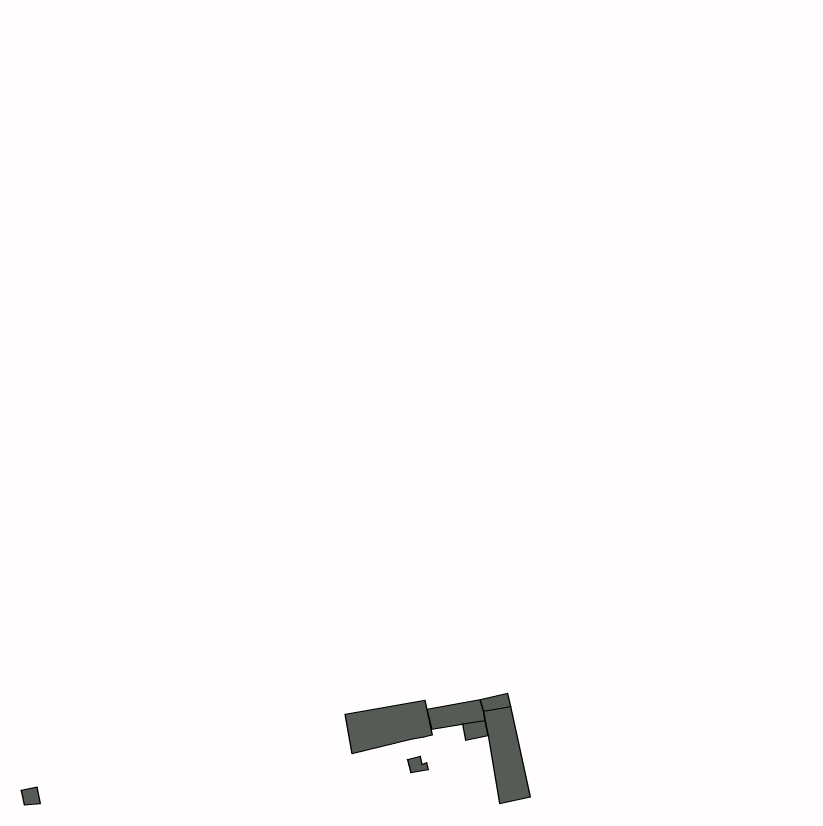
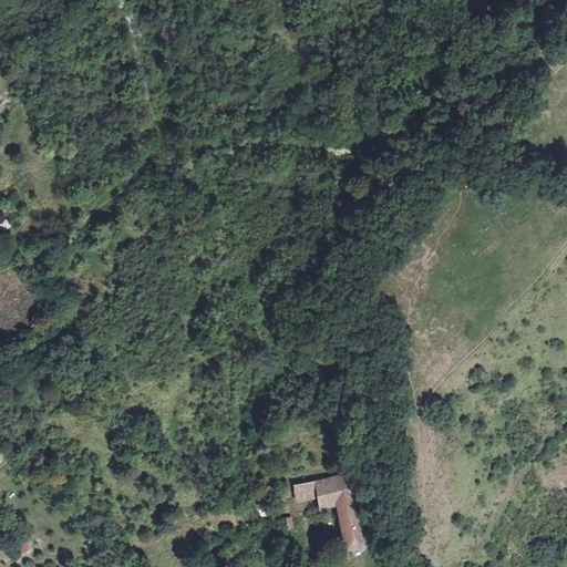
building: [345,700,432,754] -> none

